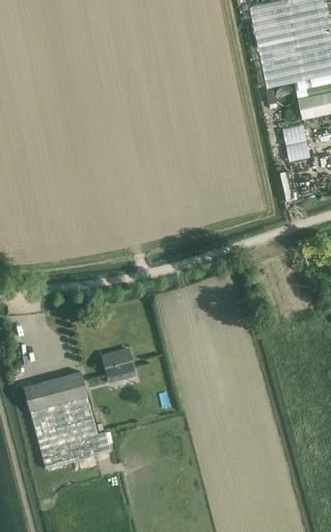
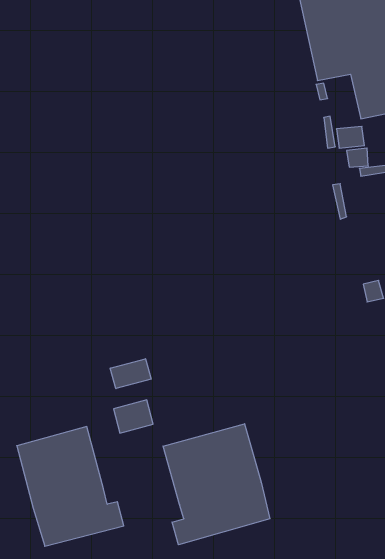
building: none -> [110,359,151,389]
building: none -> [163,424,270,545]

